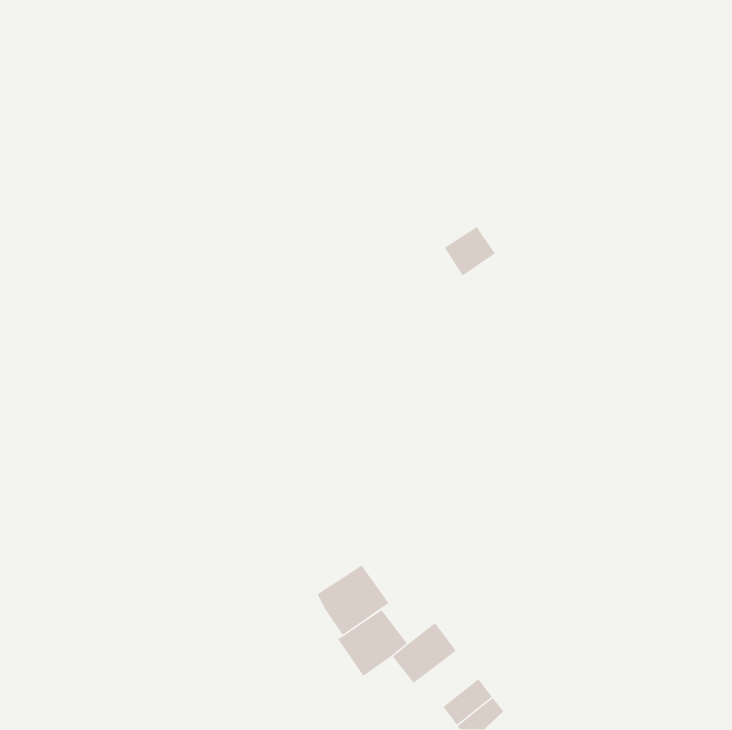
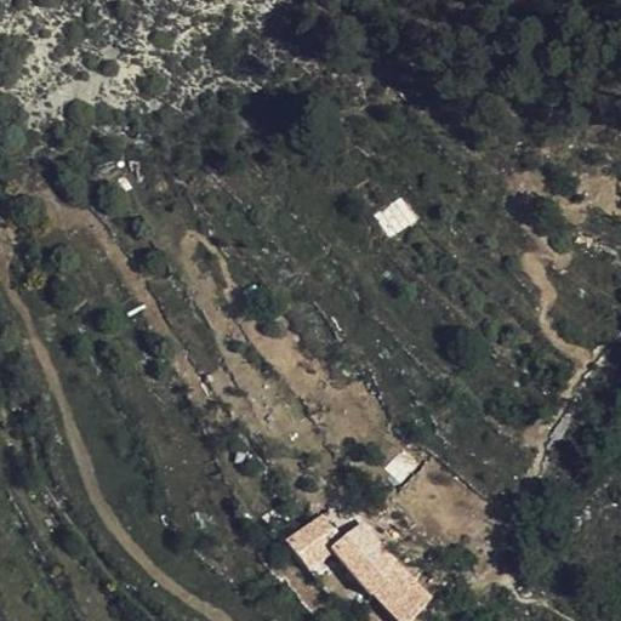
building: [316,565,389,636] -> none
building: none -> [352,548,406,599]

